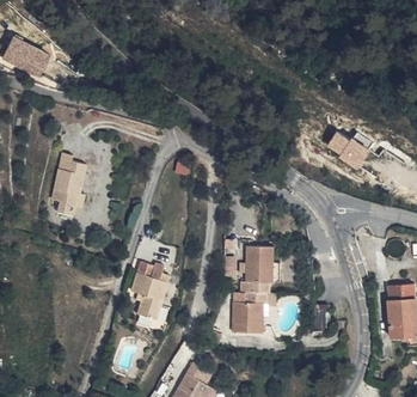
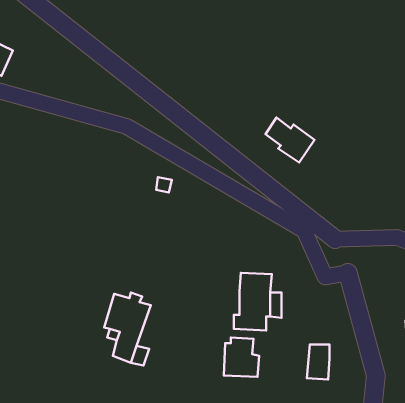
building: [327,132,369,170] -> [265,117,315,162]
building: [50,153,88,219] -> none

